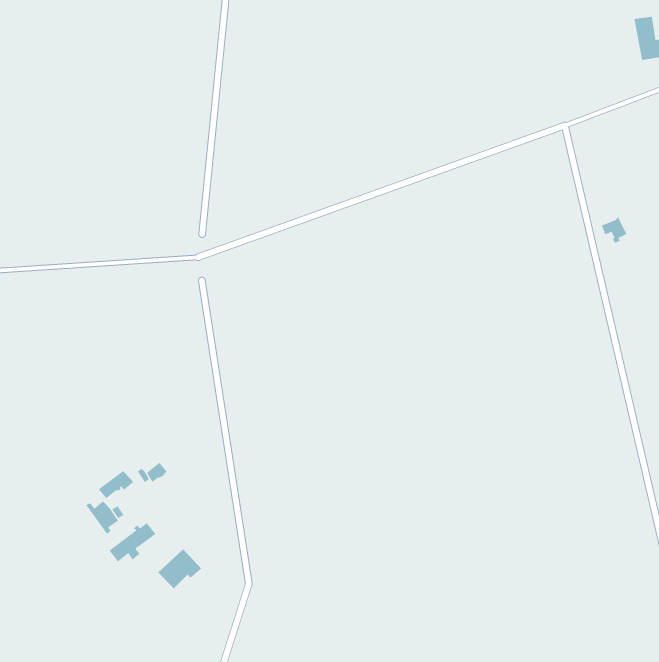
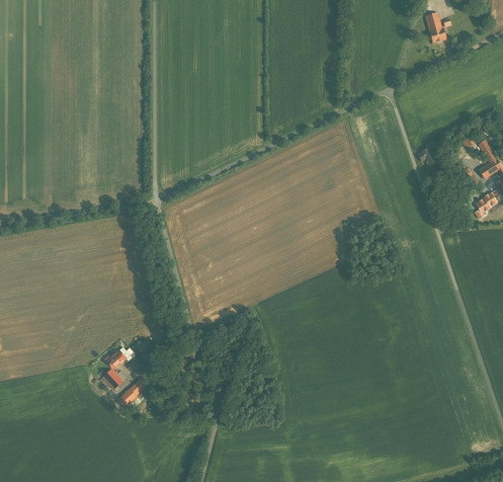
building: [157,549,202,589] -> none

